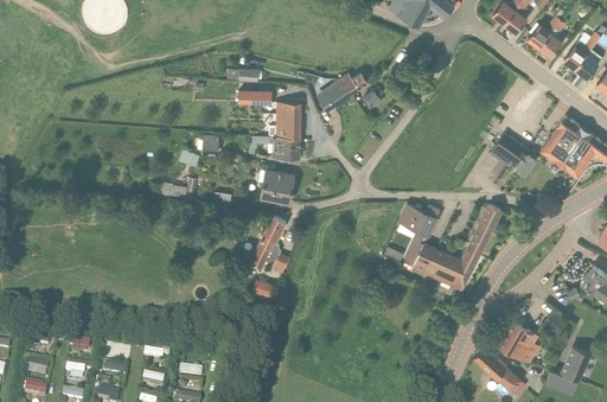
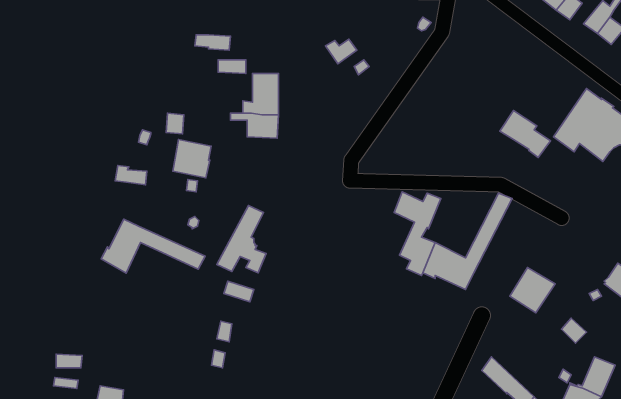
building: [317,77,351,109] -> none
building: [261,168,294,202] -> [173,139,211,178]
building: none -> [101,219,205,273]
building: [498,320,537,359] -> [510,267,555,313]

